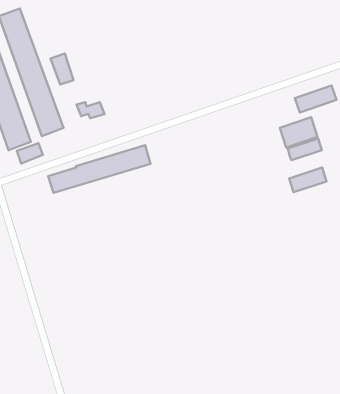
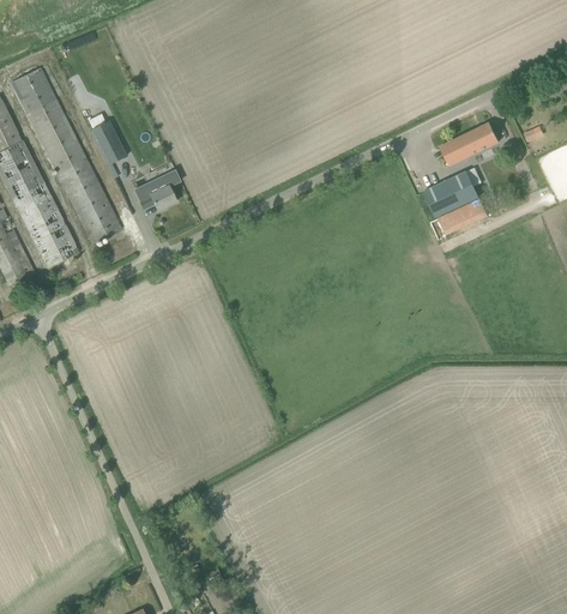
building: [17,143,43,163] -> none
building: [48,145,150,193] -> none
building: [289,168,326,192] -> none

